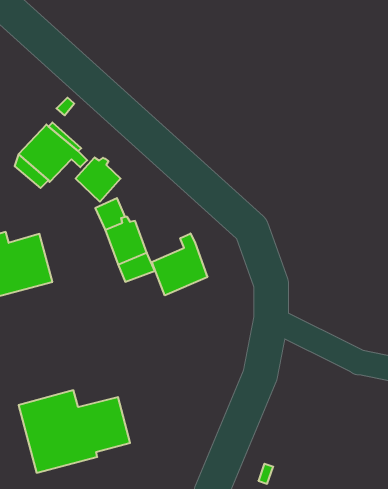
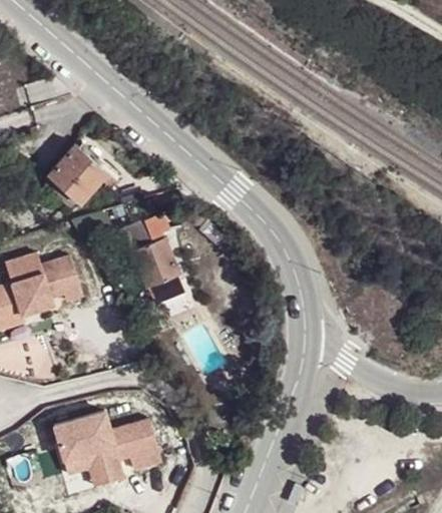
building: [76,157,121,202] -> none
building: [151,233,207,295] -> none

